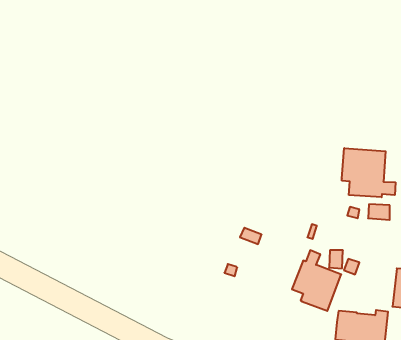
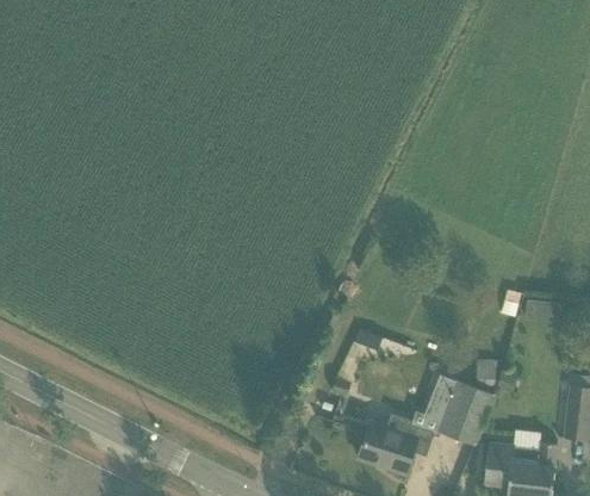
building: [342,148,395,197] -> none
building: none -> [356,417,431,476]

